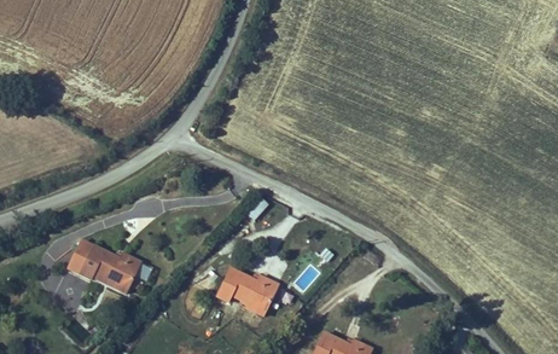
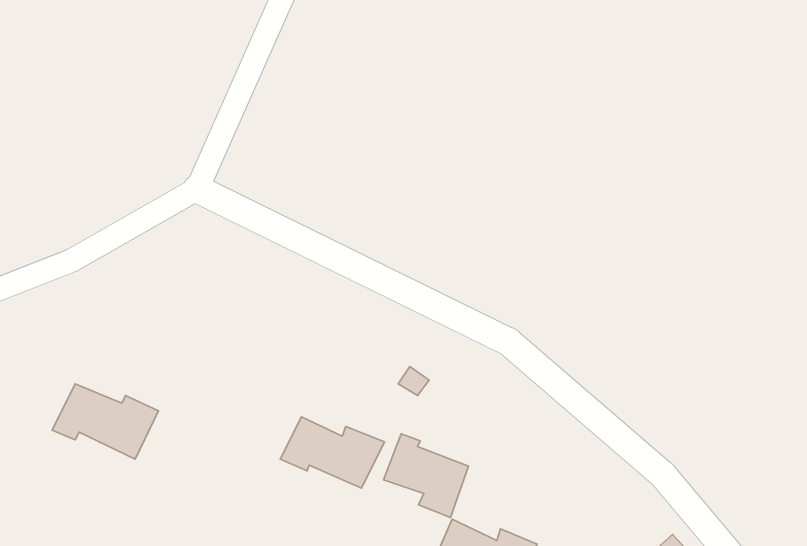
building: none -> [383,434,469,517]

